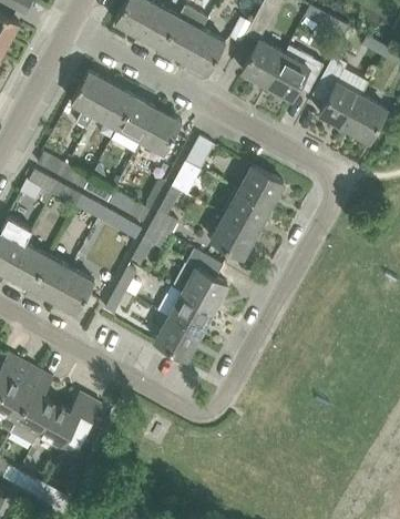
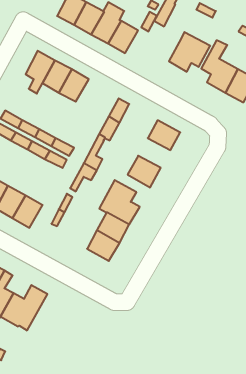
building: [242,40,284,85] -> none
building: [140,110,181,154] -> none
building: [225,191,271,232] -> none

